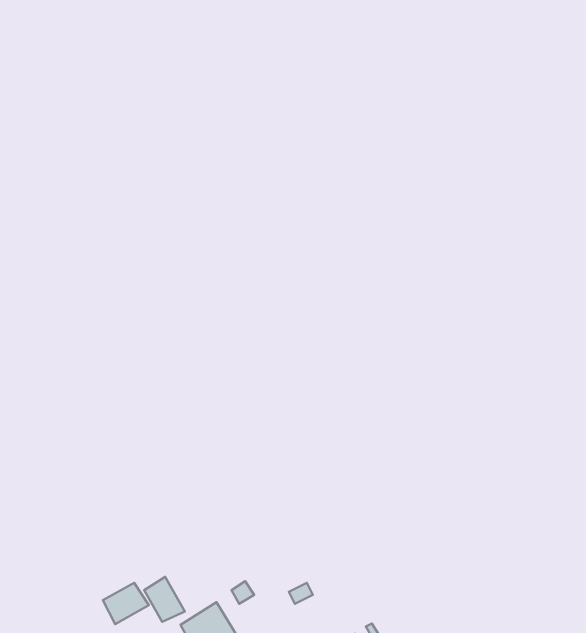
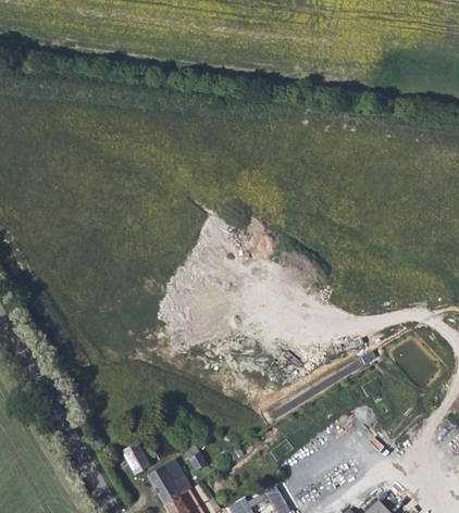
building: [103,583,149,624] -> none

